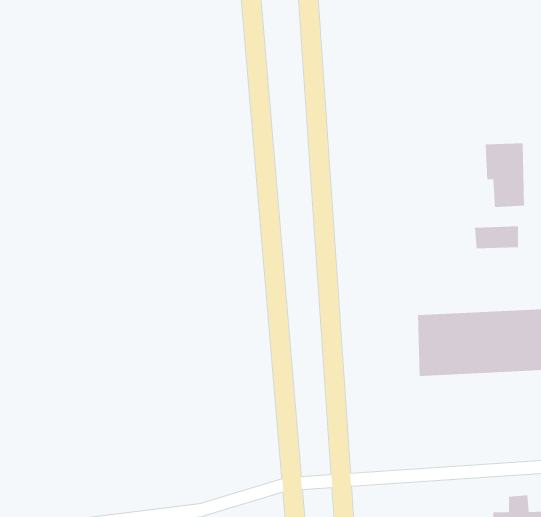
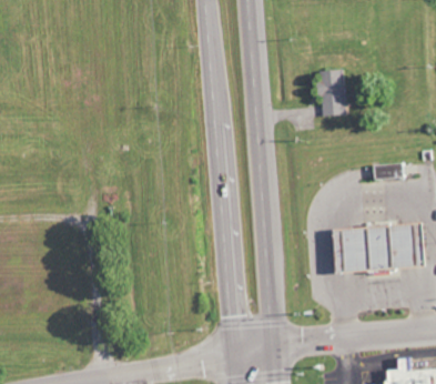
building: [485,143,525,207] -> [317,70,346,117]

